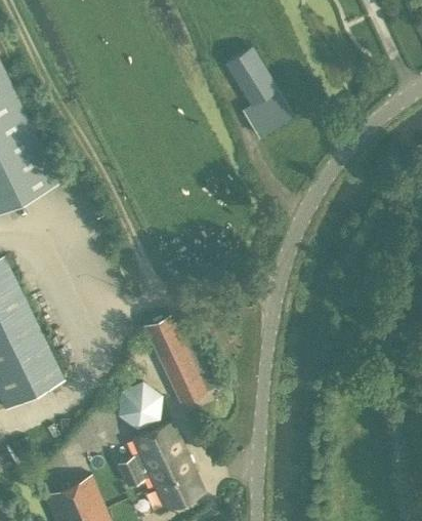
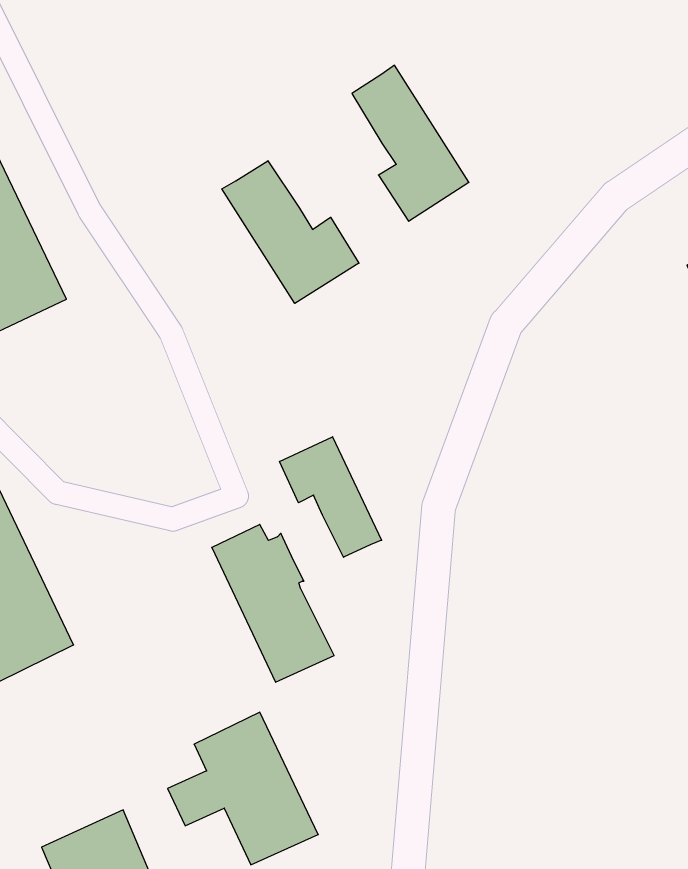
building: none -> [222,161,359,303]
building: none -> [280,437,382,557]
building: [116,379,161,430] -> none

